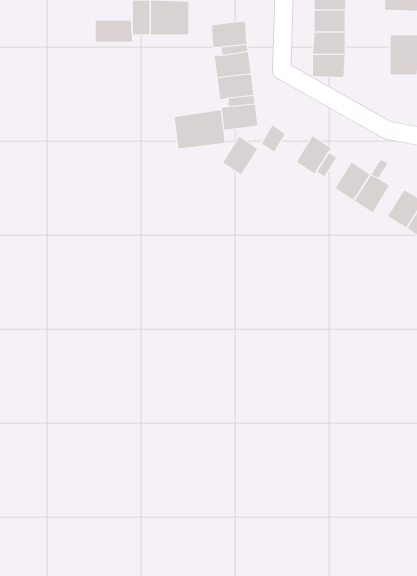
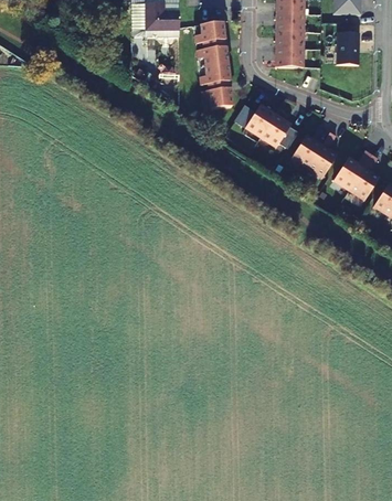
building: [95,20,133,43] -> none
building: [174,109,225,149] -> none
building: [222,136,258,175] -> [247,104,276,135]

